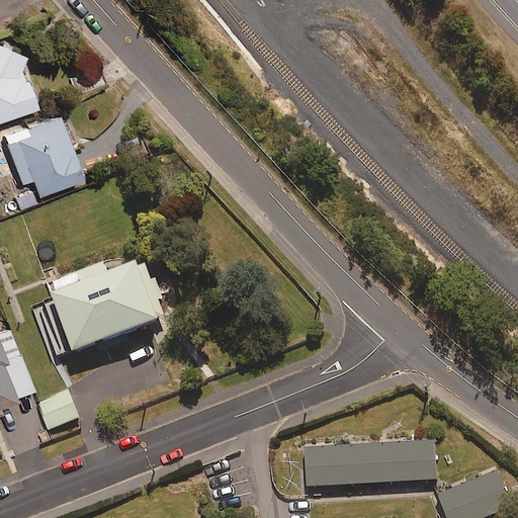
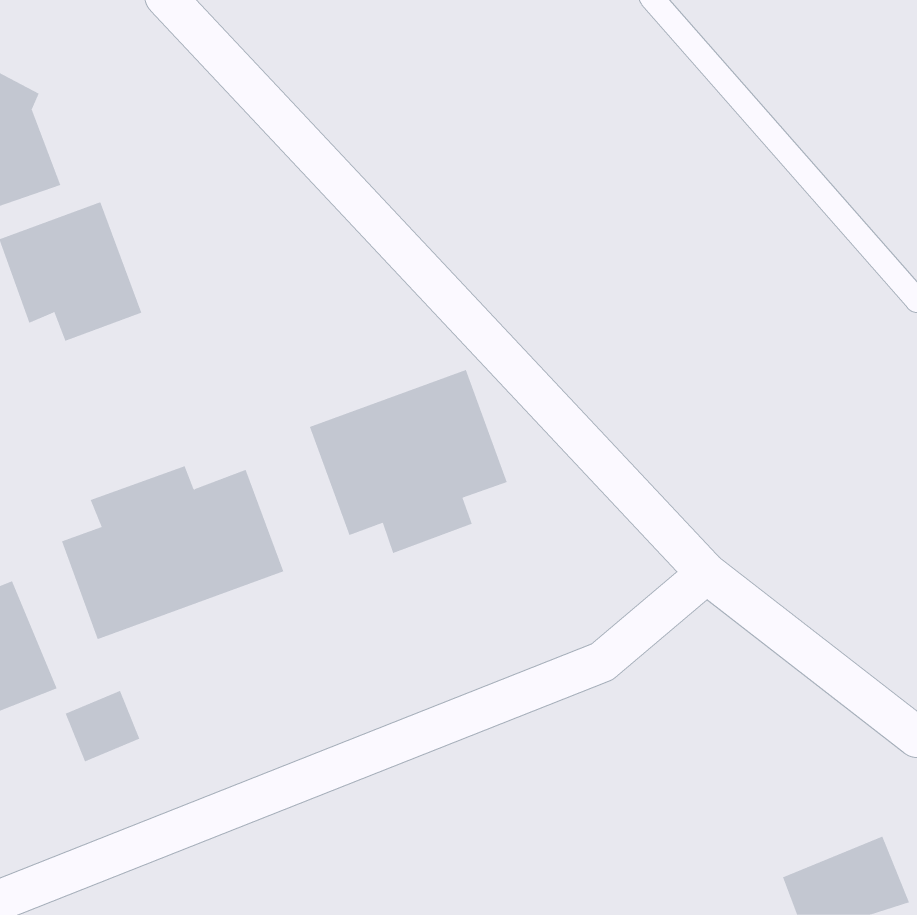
building: none -> [309,369,507,554]
building: [305,440,437,485] -> none

